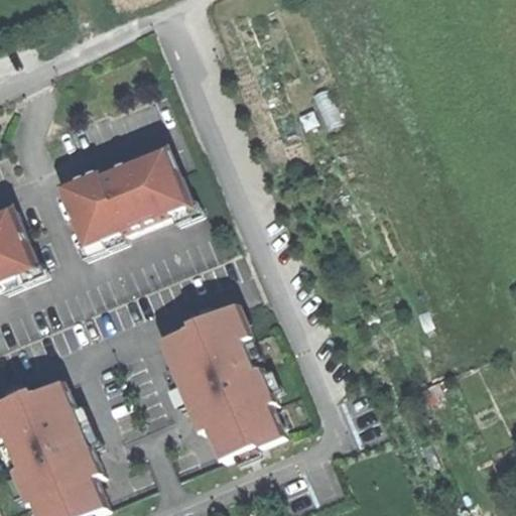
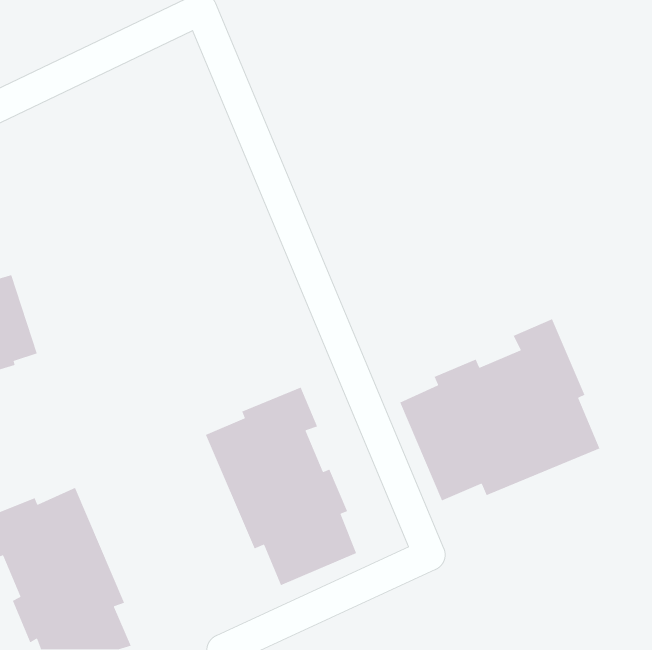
building: [57,162,188,257] -> none
building: none -> [399,318,600,501]

